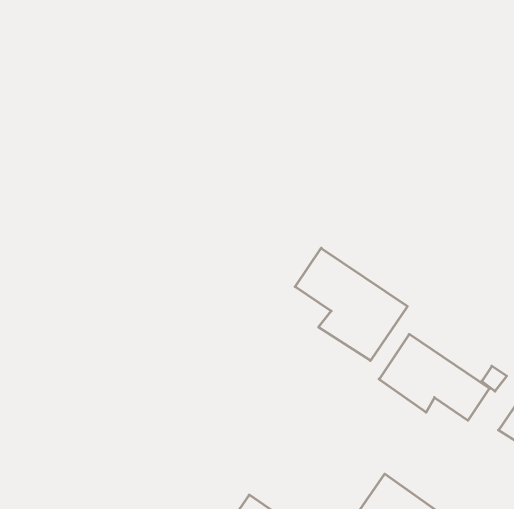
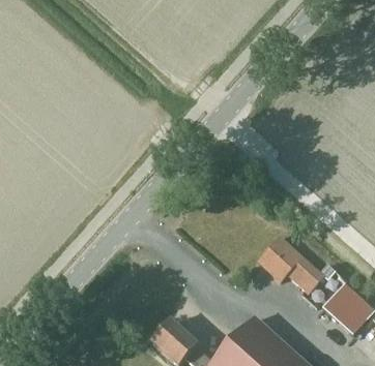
building: [295,248,407,361] -> none

